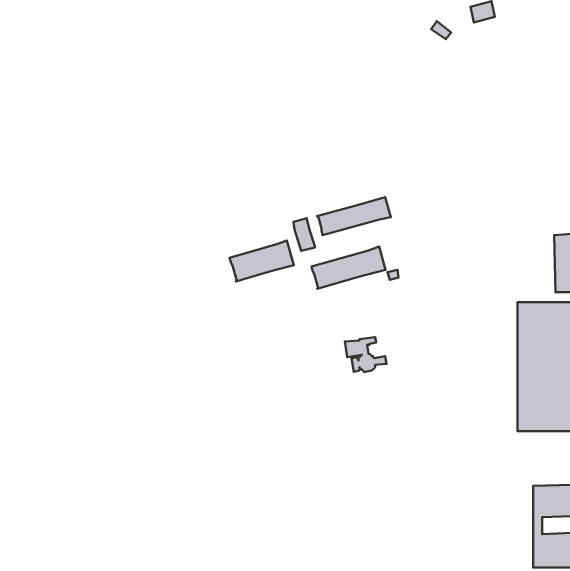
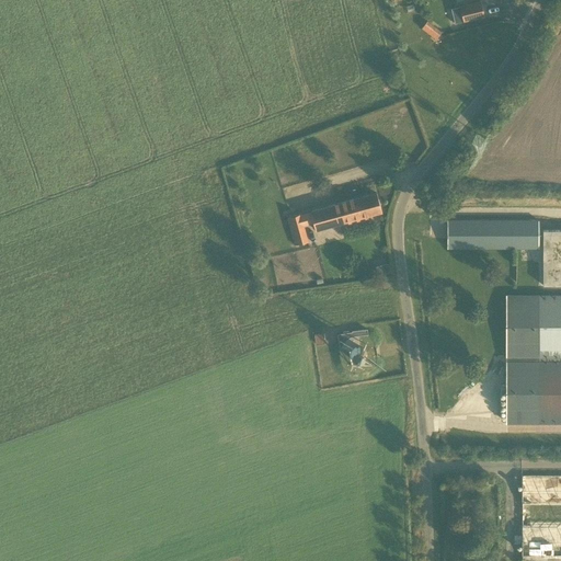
building: none -> [449,221,541,250]
building: [230,240,294,281] -> none
building: [311,246,386,289] -> none

